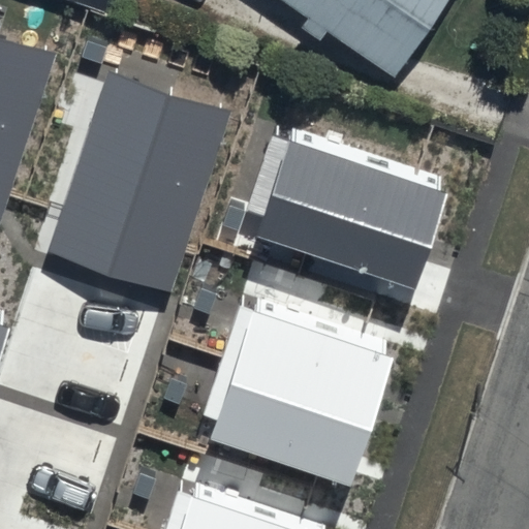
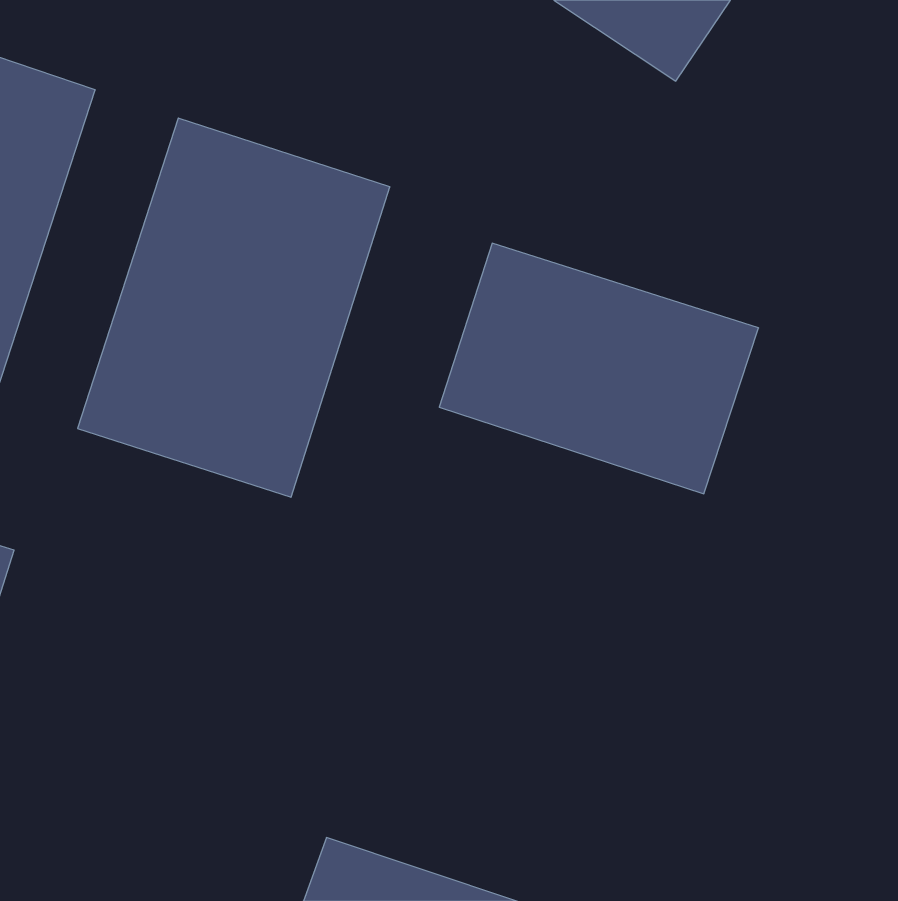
building: [207,310,391,488] -> none

